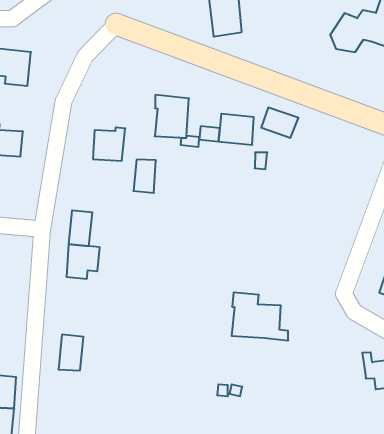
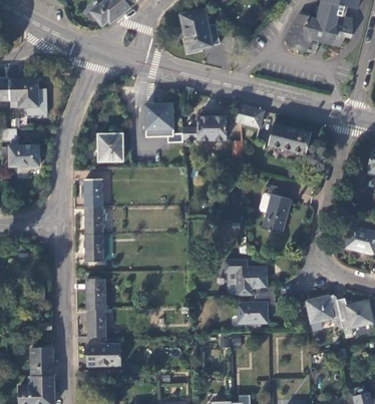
building: none -> [268,124,312,154]
building: [133,160,156,193] -> [85,179,102,207]
building: none -> [262,185,291,235]
building: none -> [85,280,105,310]
building: none -> [238,296,275,325]
building: none -> [306,296,341,324]
building: none -> [86,345,119,367]

